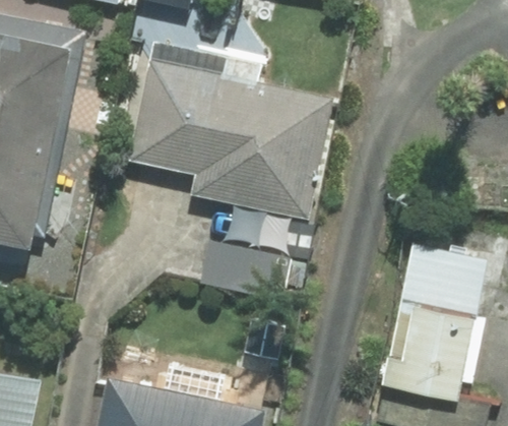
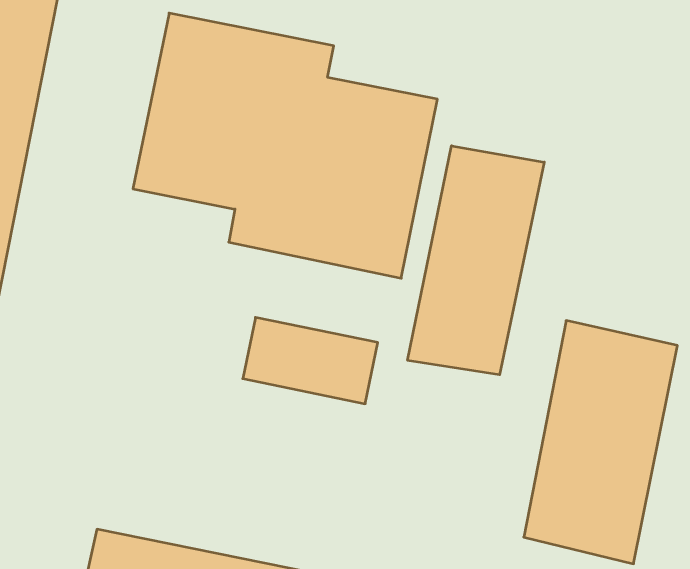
building: none -> [408,146,544,375]

